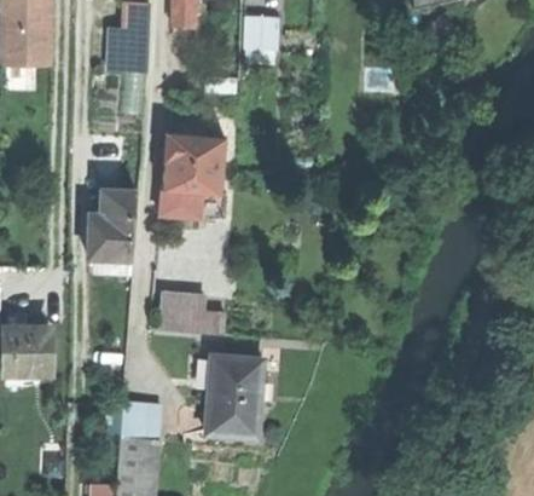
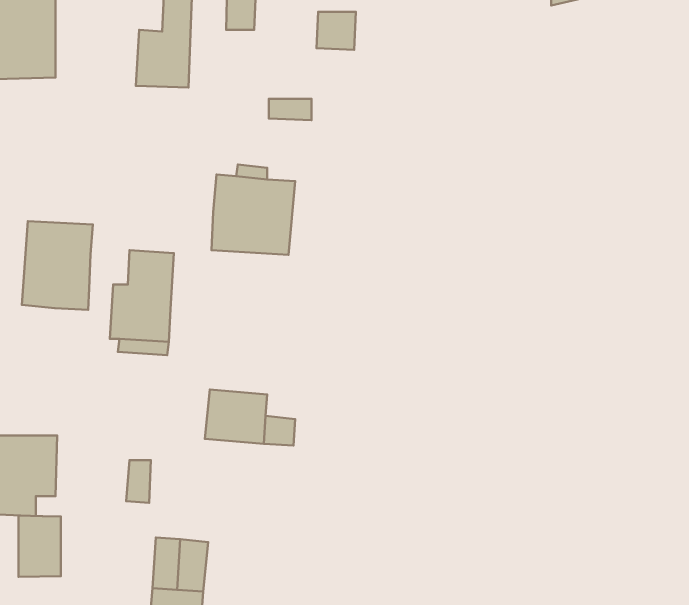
building: none -> [22,221,93,310]
building: [161,189,220,219] -> none
building: [205,354,262,437] -> none
building: none -> [19,516,61,577]

